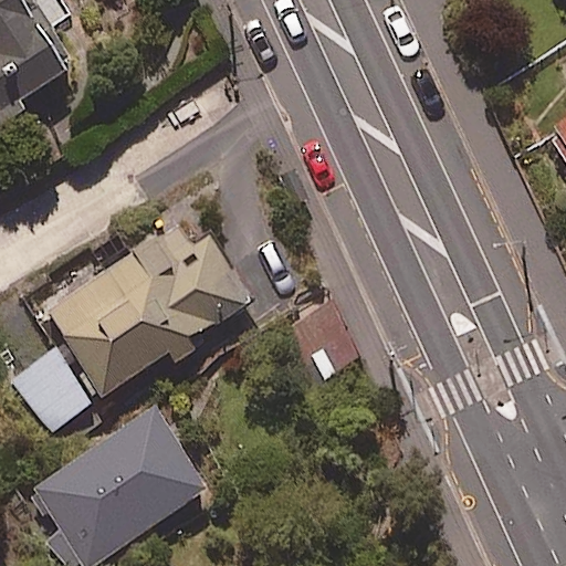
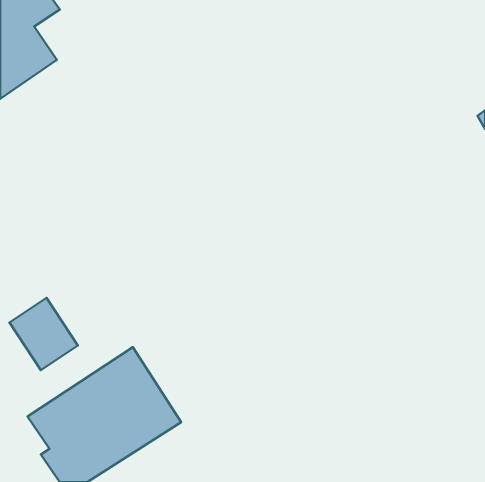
building: [44,240,244,392] -> none

